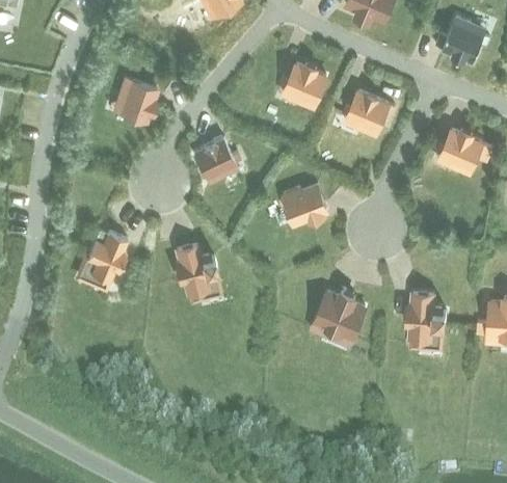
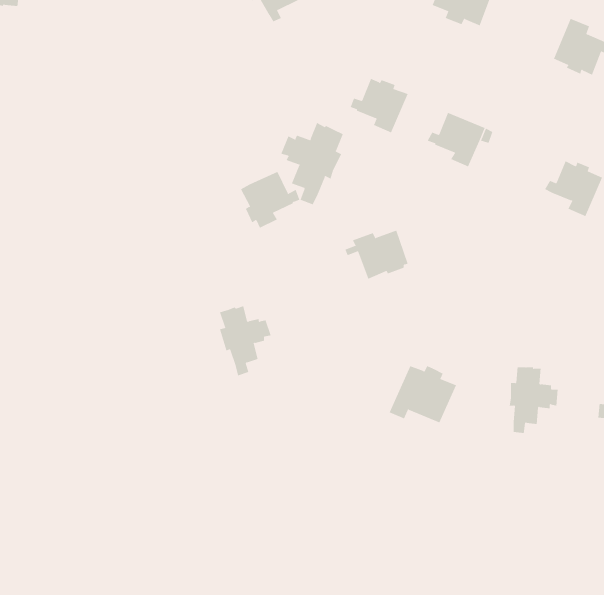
building: [116,77,156,120] -> none
building: none -> [281,122,343,205]
building: [86,231,127,288] -> none

